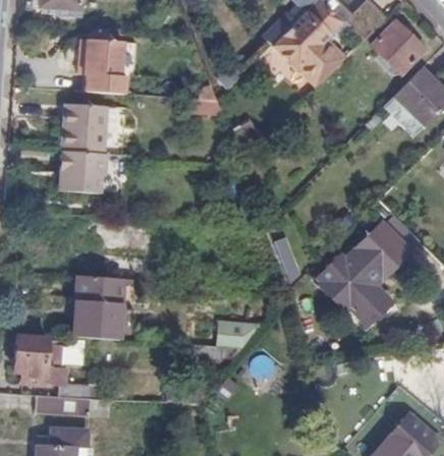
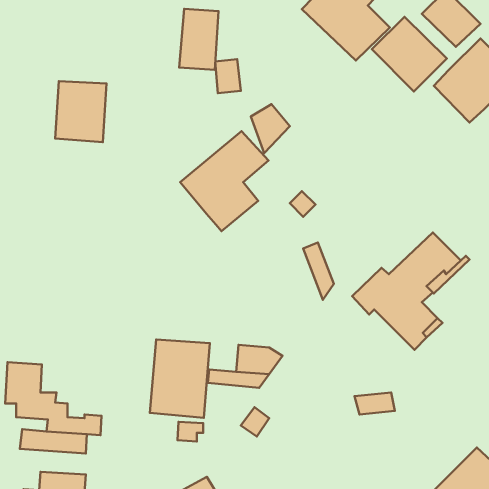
building: [92,43,124,94] -> [179,9,218,70]
building: none -> [372,17,447,92]
building: none -> [180,131,268,231]
building: [61,151,107,191] -> none
building: [74,274,124,339] -> [150,340,210,418]

